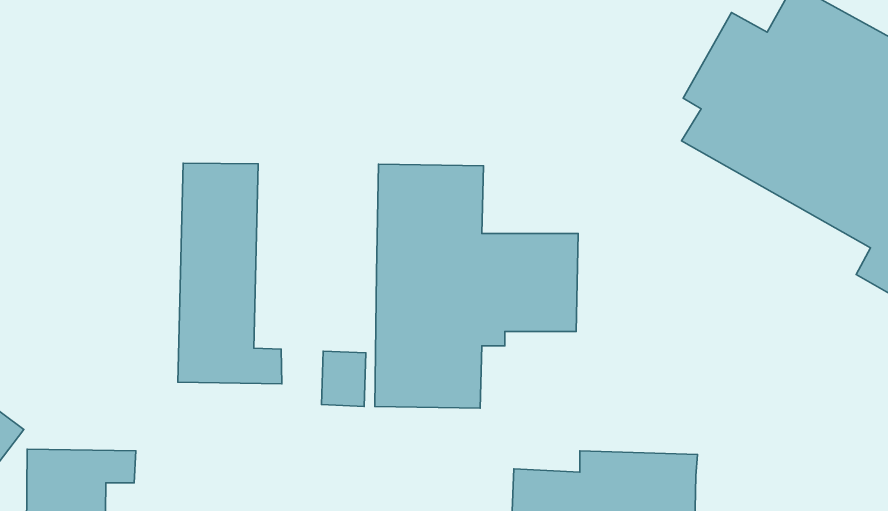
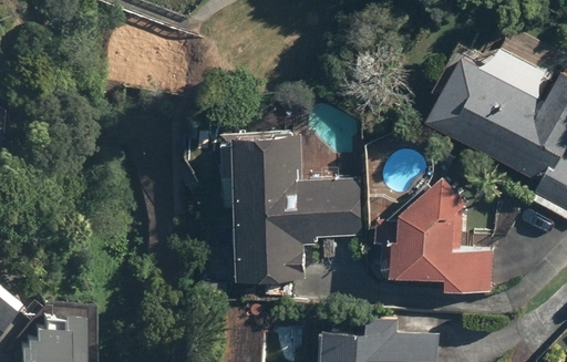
building: [178,163,282,384] -> none
building: none -> [375,173,493,297]

